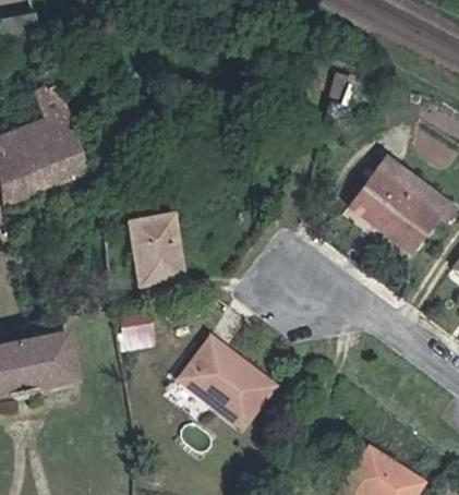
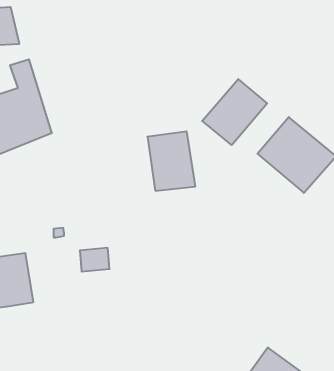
building: none -> [202,79,267,145]
building: [133,215,193,289] -> [147,131,195,191]
building: [189,343,270,423] -> none

